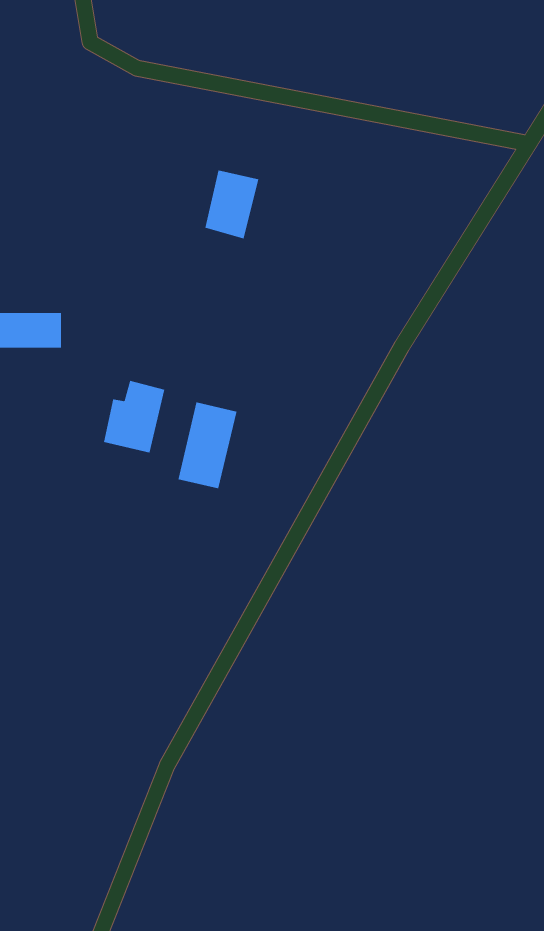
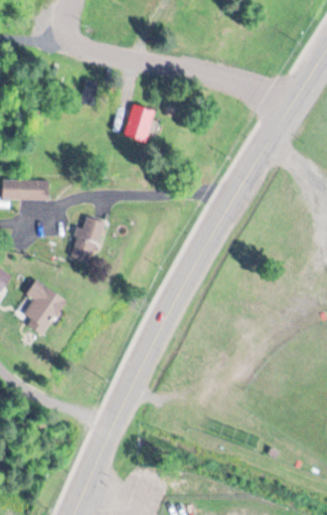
building: [178,401,237,489] -> none
building: none -> [25,281,67,330]

